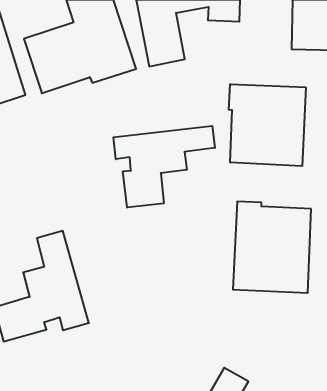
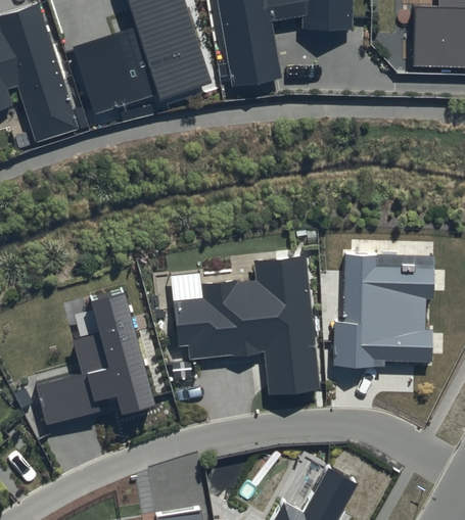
building: [229,84,306,166] -> none
building: [113,126,215,208] -> none
building: none -> [180,257,318,395]

